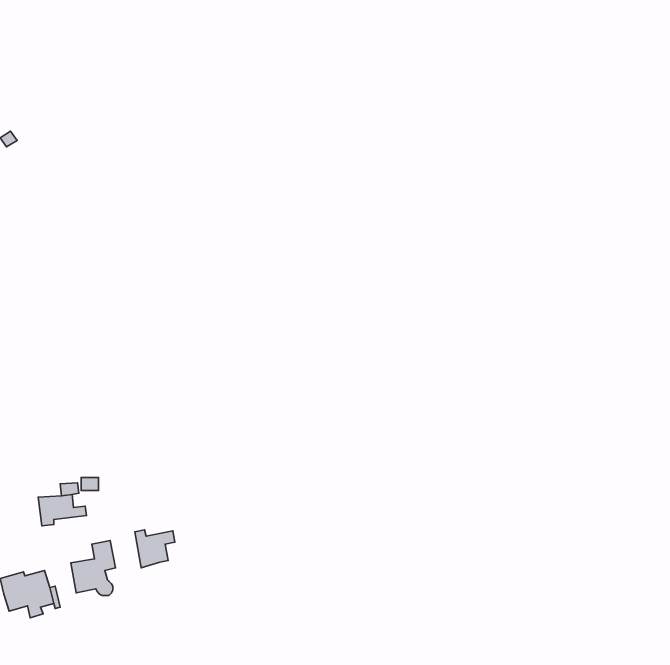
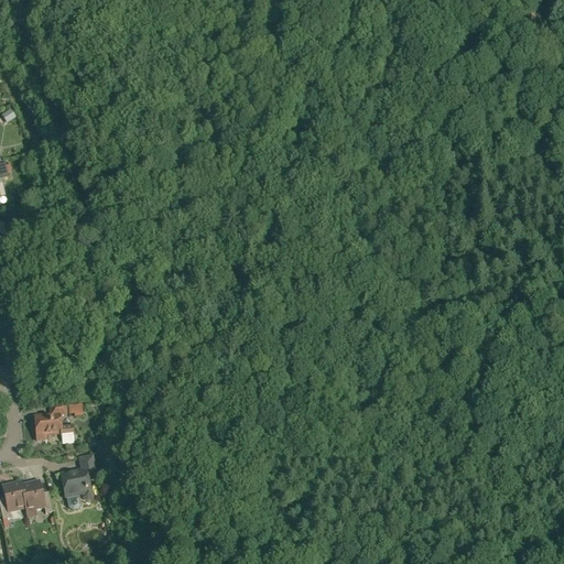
building: [135,530,175,568] -> none

